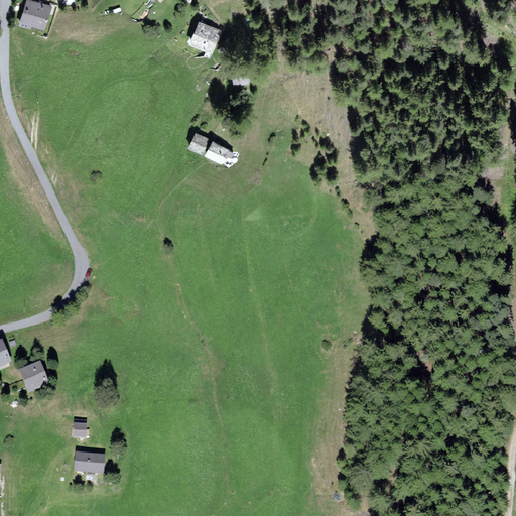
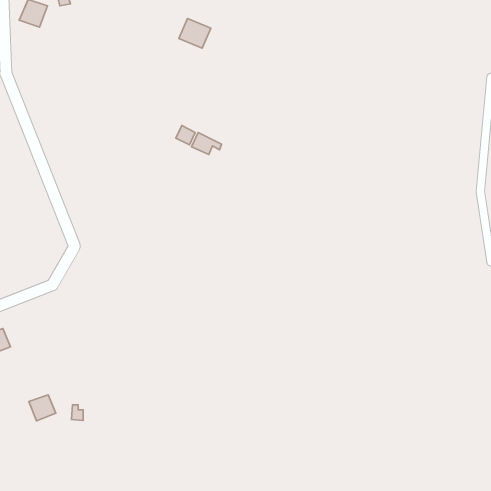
building: [21,365,49,392] -> [29,395,56,421]
building: [78,455,106,472] -> none

